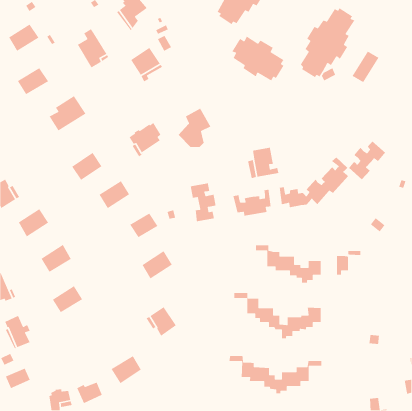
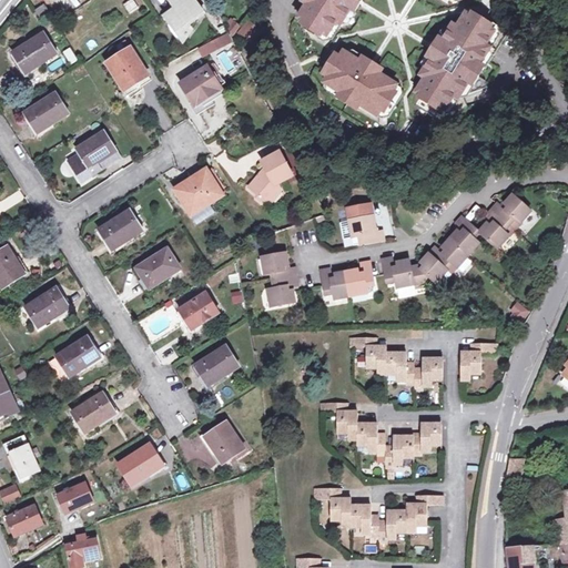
building: [351,51,379,83] -> none
building: [110,355,142,384] -> [118,444,161,484]
building: [76,381,103,404] -> [55,481,92,513]

